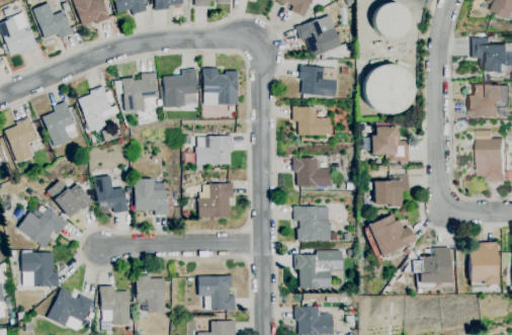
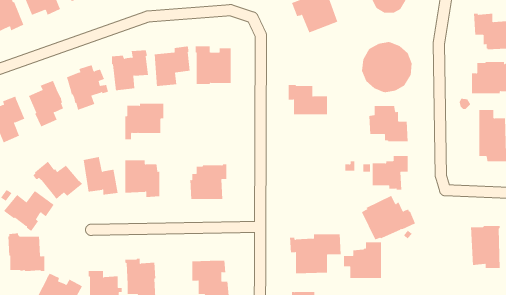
building: [301,65,339,97] -> none
building: [196,136,235,171] -> [125,103,164,140]
building: [293,159,333,187] -> none
building: [294,206,331,241] -> none
building: [414,248,451,283] -> [343,242,382,278]

